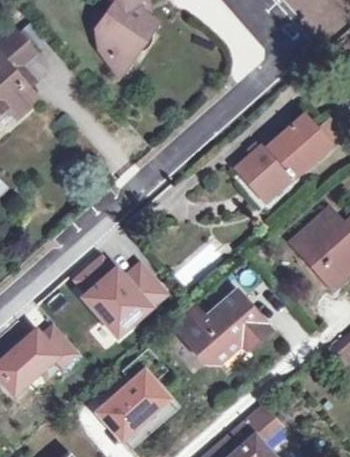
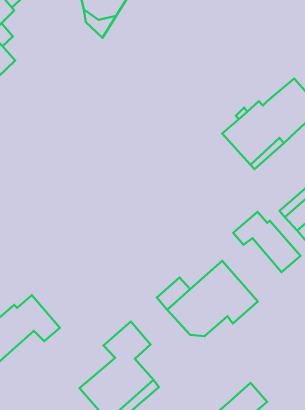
building: none -> [233,212,301,272]
building: [76,261,163,337] -> none

